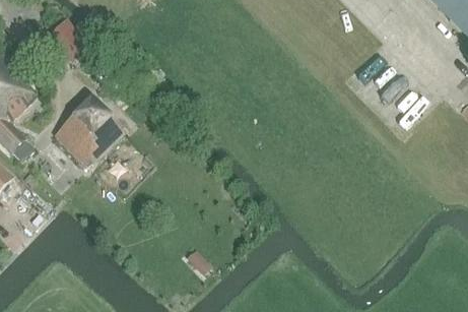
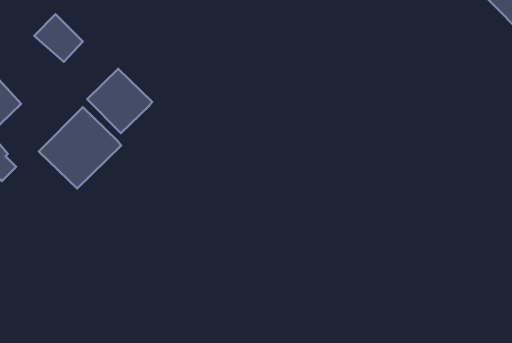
building: none -> [87,69,152,133]

